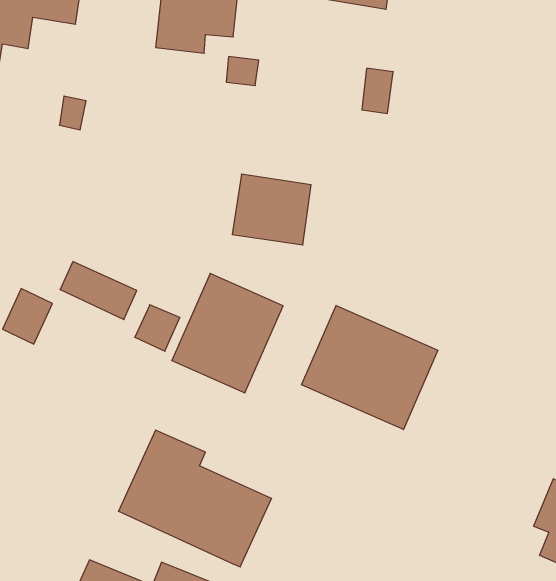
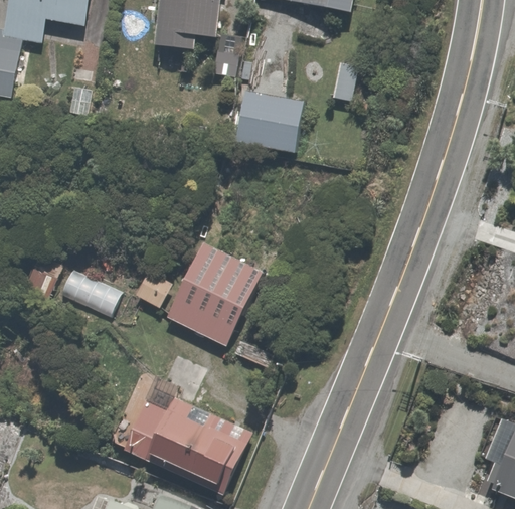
building: [232,174,311,245] -> [234,91,303,152]
building: [60,262,137,320] -> [56,267,123,317]
building: [302,305,438,430] -> none

